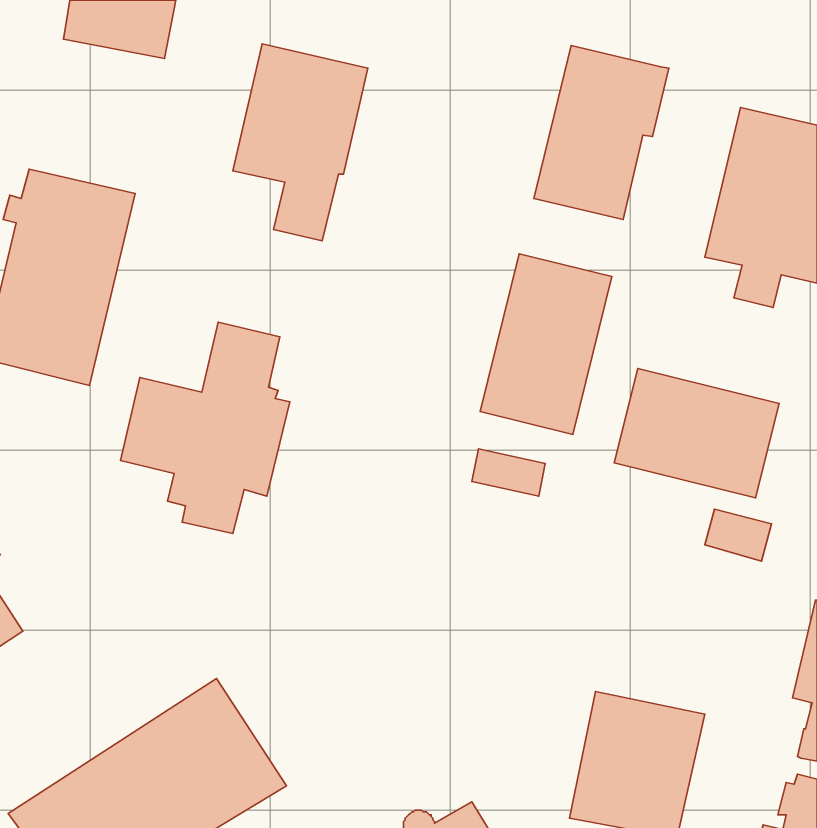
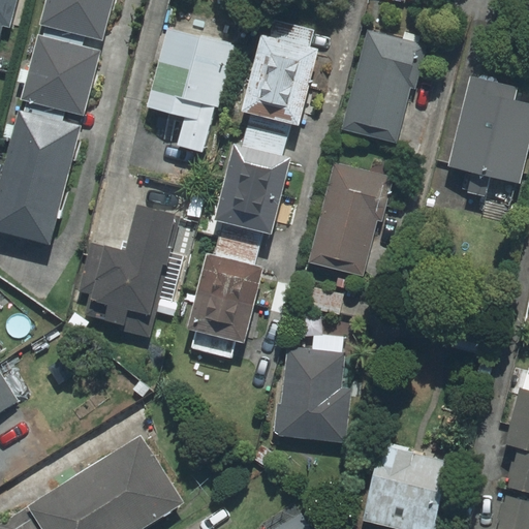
building: none -> [185,22,321,360]
building: none -> [14,37,99,117]
building: [614,369,779,498] -> none
building: none -> [276,334,353,441]

